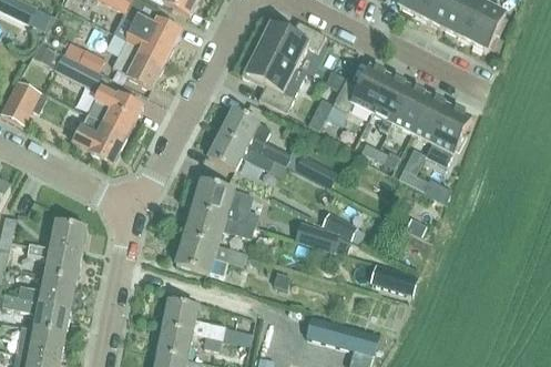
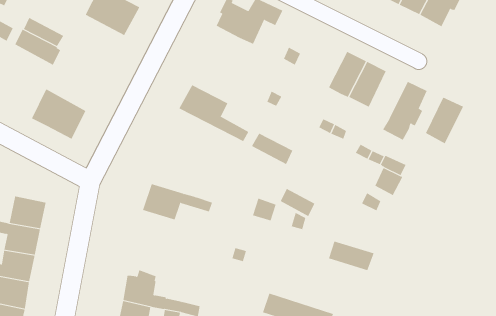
building: [112,38,166,88] -> none
building: [242,49,306,112] -> none
building: [333,63,390,112] -> none
building: [88,85,143,134] -> none
building: [412,94,451,142] -> [425,97,464,144]
building: [208,132,275,171] -> none
building: [193,179,258,226] -> none
building: [176,234,247,273] -> none

